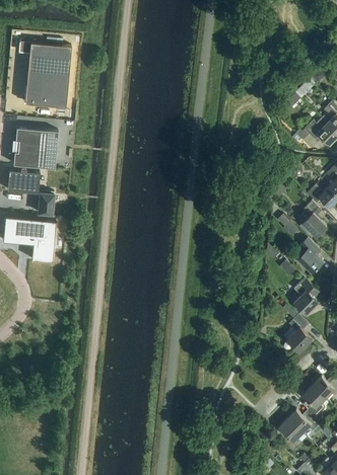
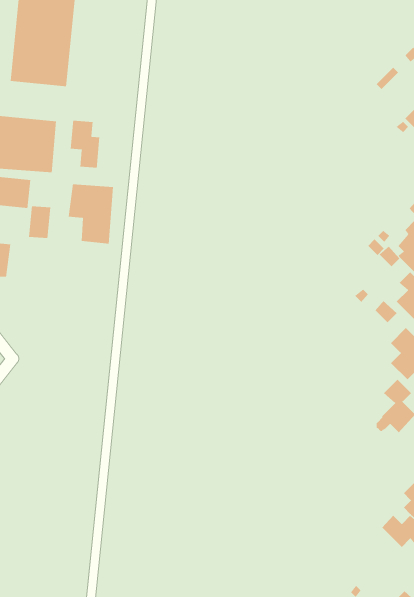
building: none -> [70,120,100,169]
building: [21,219,54,261] -> [68,184,114,244]
building: [279,419,301,452] -> none

